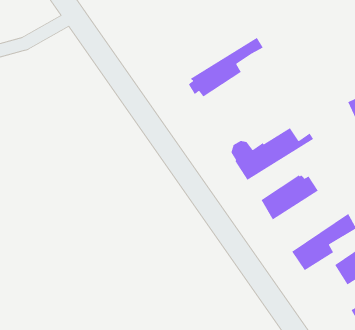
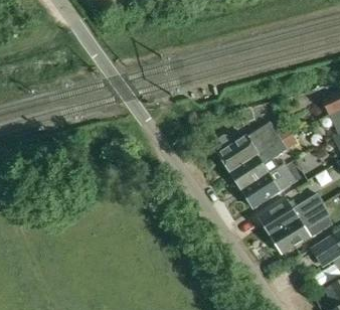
building: [188,37,264,97] -> [229,134,299,189]
building: none -> [261,193,324,237]

